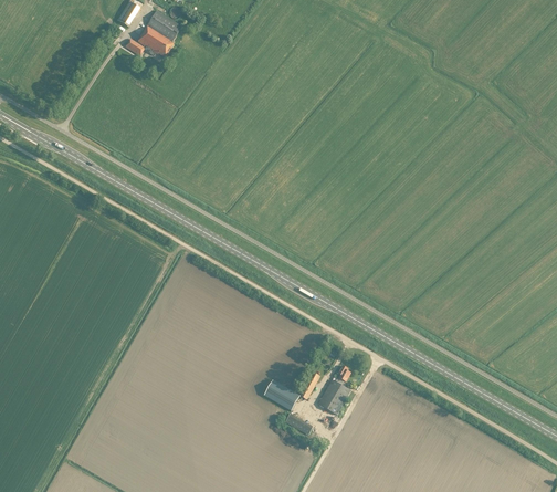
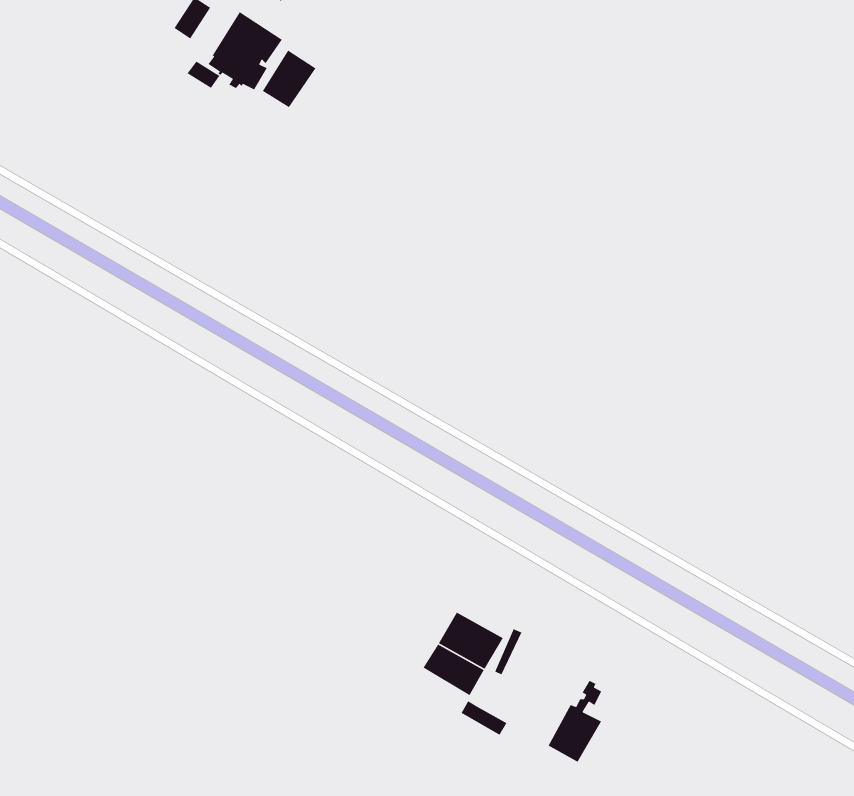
building: none -> [262,50,316,108]
building: [317,366,349,415] -> [548,680,602,763]

